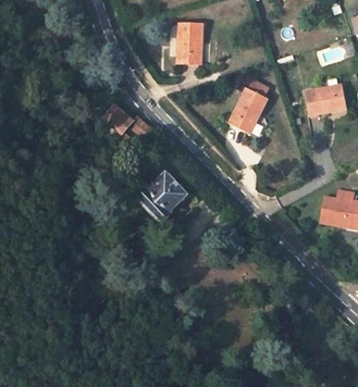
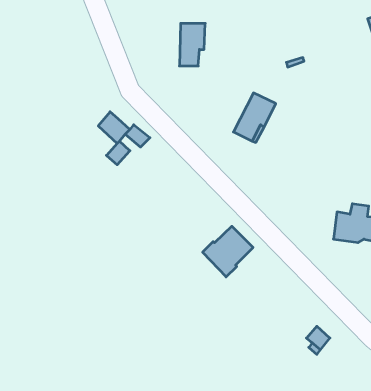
building: [305,85,346,114] -> none
building: [139,174,186,221] -> [203,226,253,277]

